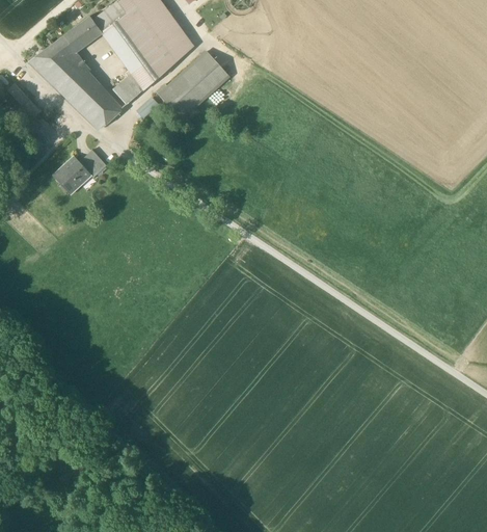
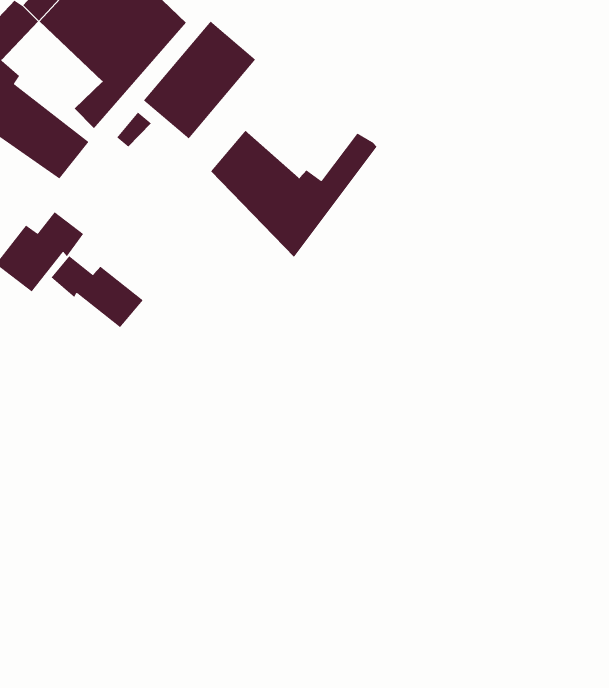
building: none -> [210,130,378,258]
building: none -> [50,255,144,328]

